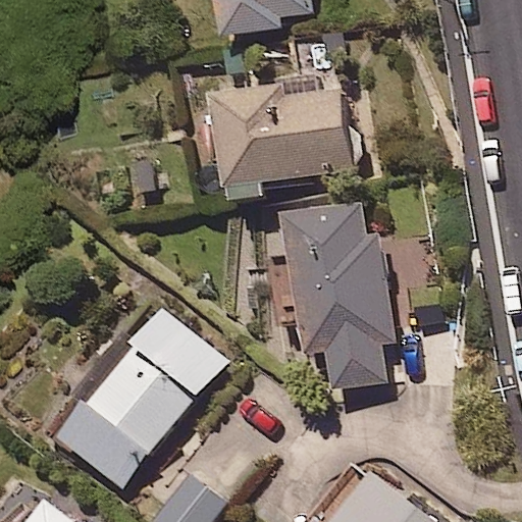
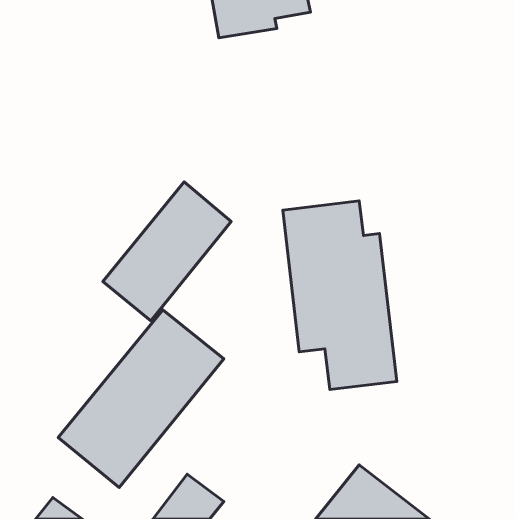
building: [209,84,350,202] -> none
building: none -> [103,182,231,321]

